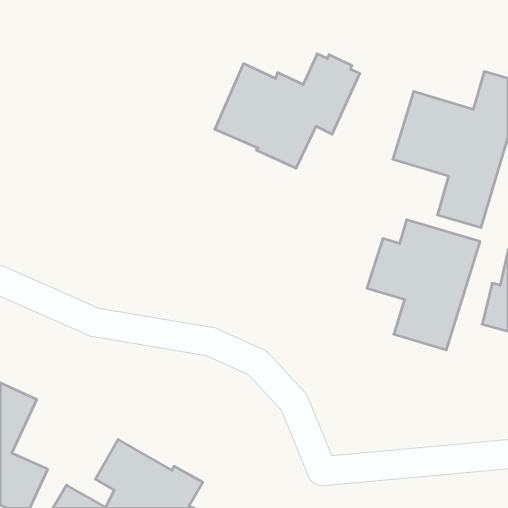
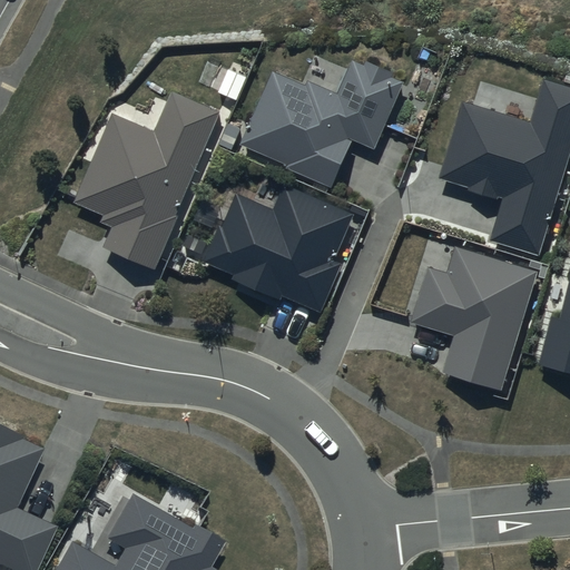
building: none -> [73,91,219,268]
building: none -> [202,185,354,315]

